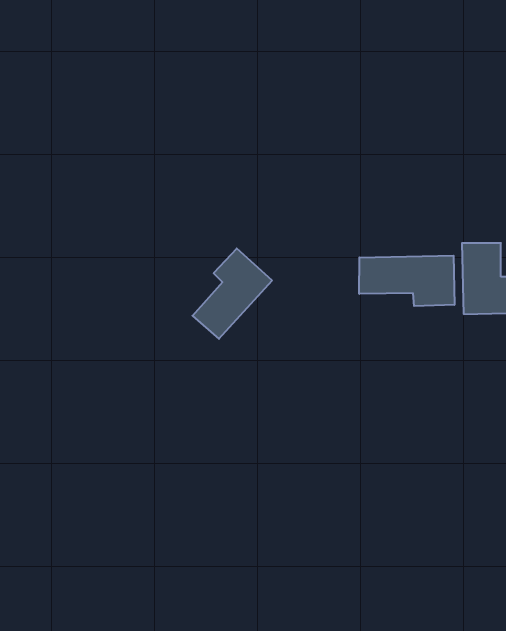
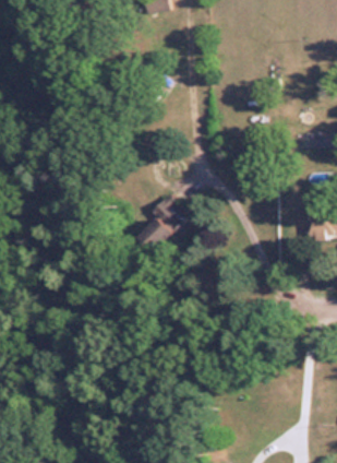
building: [359,256,454,306] -> none

